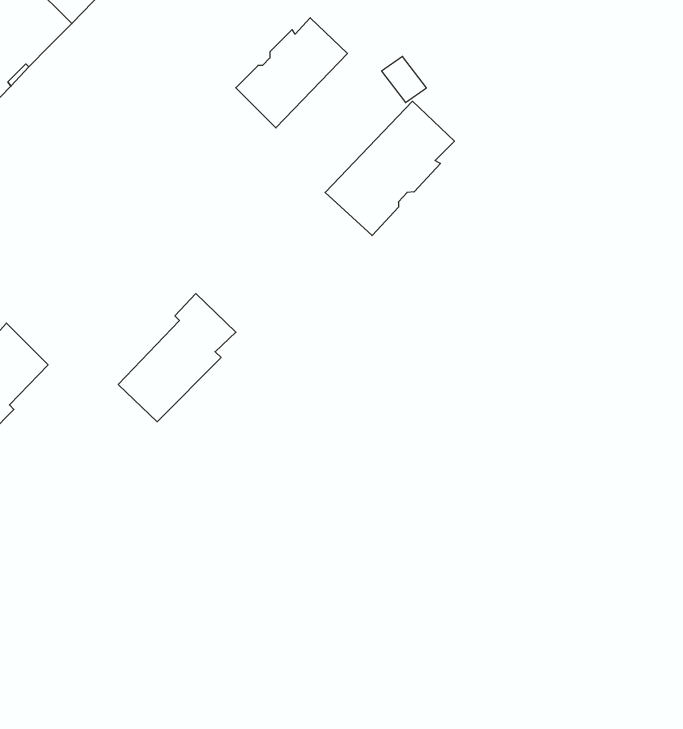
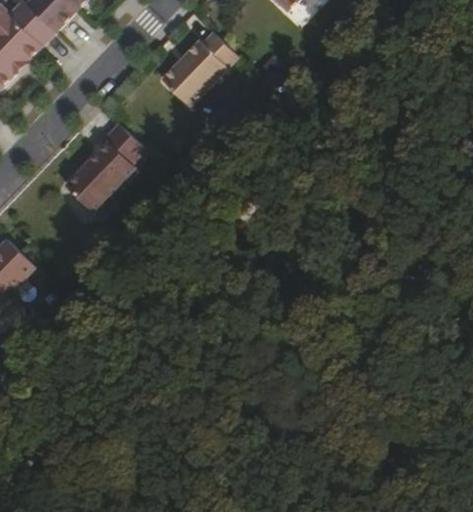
building: [325,101,454,236] -> none
building: [118,294,236,422] -> [65,123,144,209]

